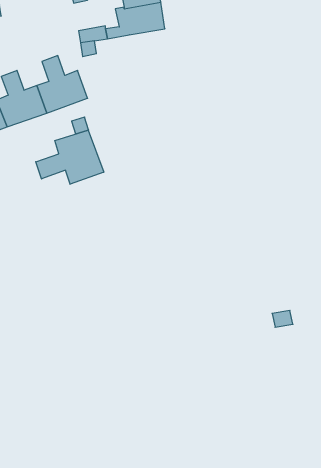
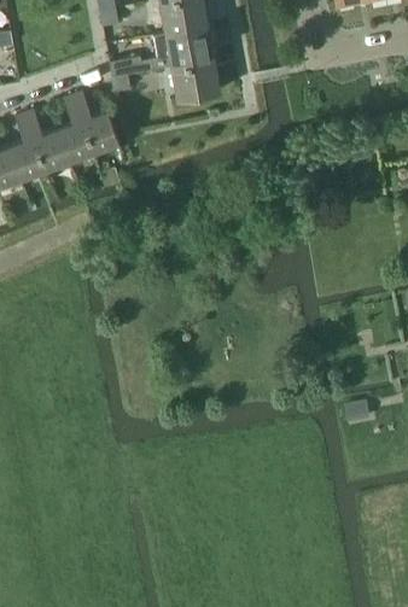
building: none -> [170,59,220,100]
building: [36,130,104,184] -> none

